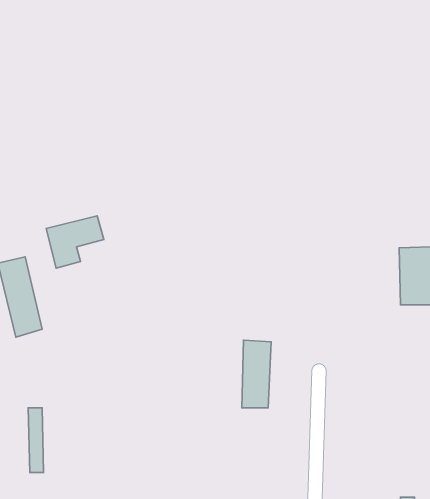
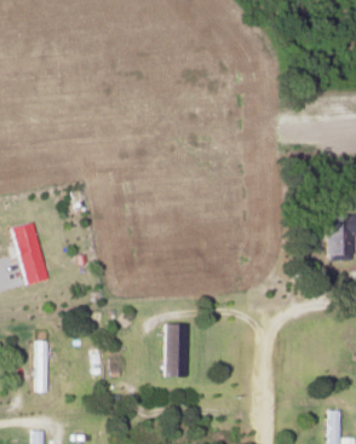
building: [46,216,104,268] -> none
building: [242,340,271,408] -> [165,323,188,376]

